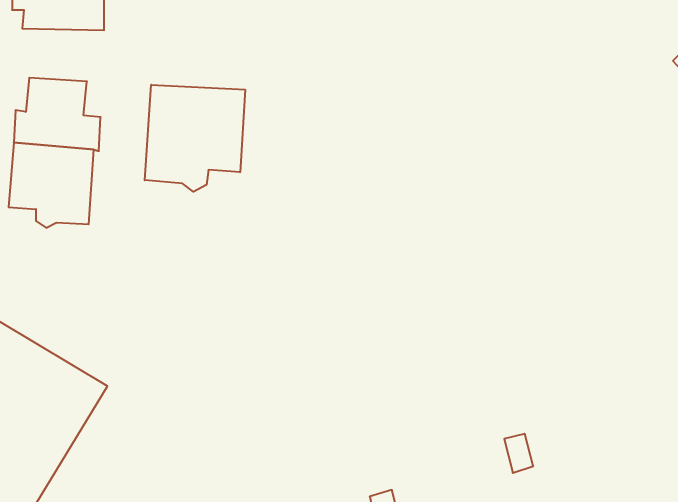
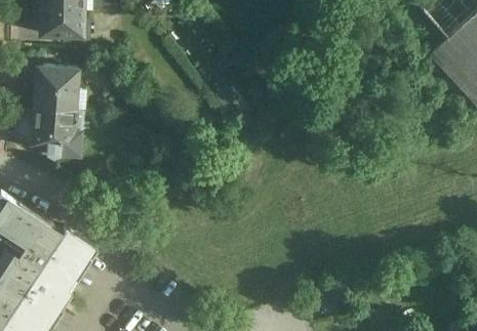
building: [145,85,245,192] -> none

